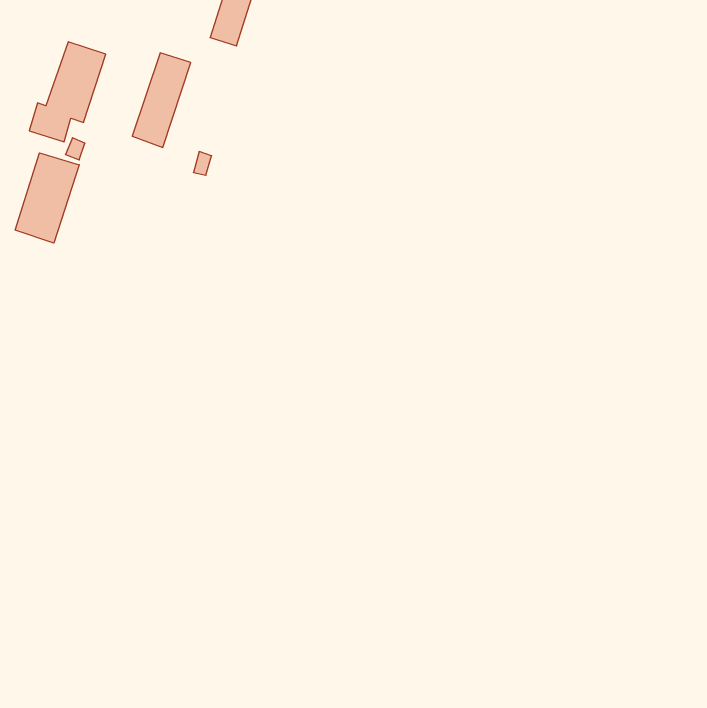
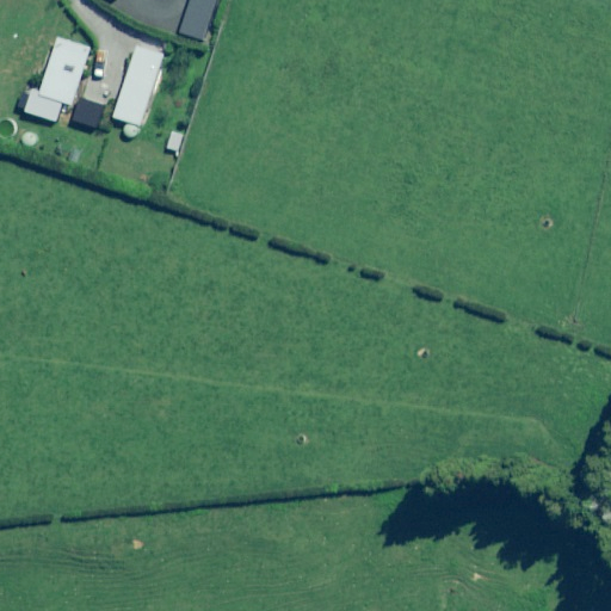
building: none -> [72,95,103,126]
building: [15,153,79,243] -> none

